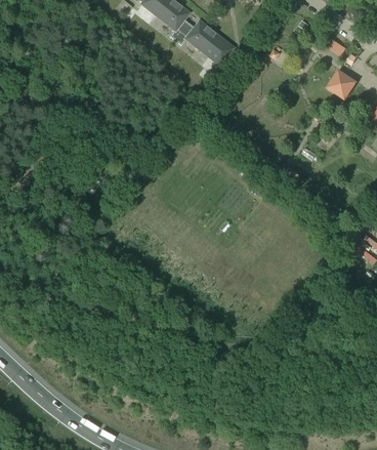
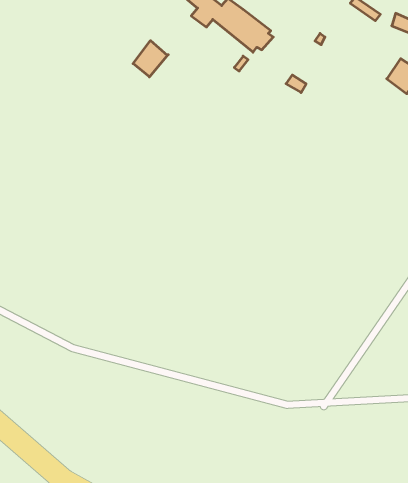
building: none -> [133,41,168,77]

